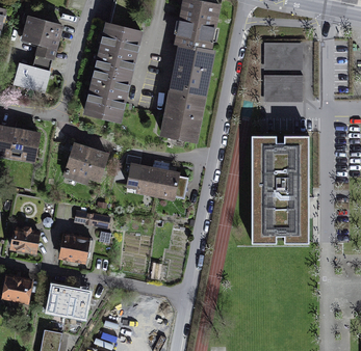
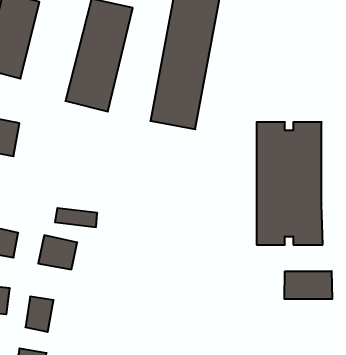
building: [263,39,302,99] -> none
building: [65,142,111,184] -> none
building: [134,165,181,201] -> none
building: none -> [284,271,332,299]
building: [67,289,93,320] -> none

